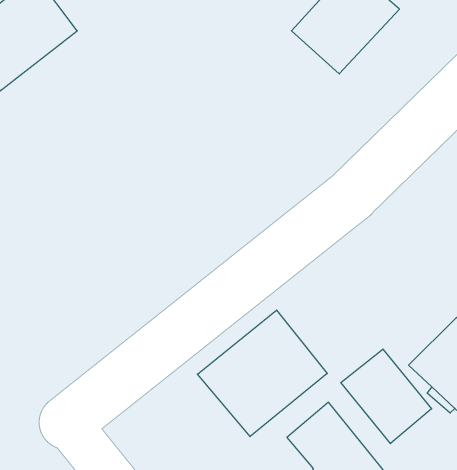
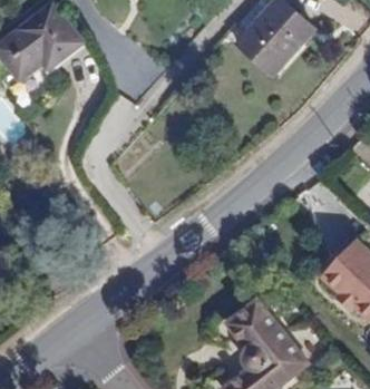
building: [197,310,327,437] -> none
building: [341,349,432,444] -> none

